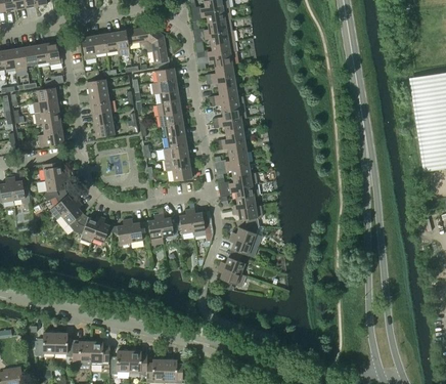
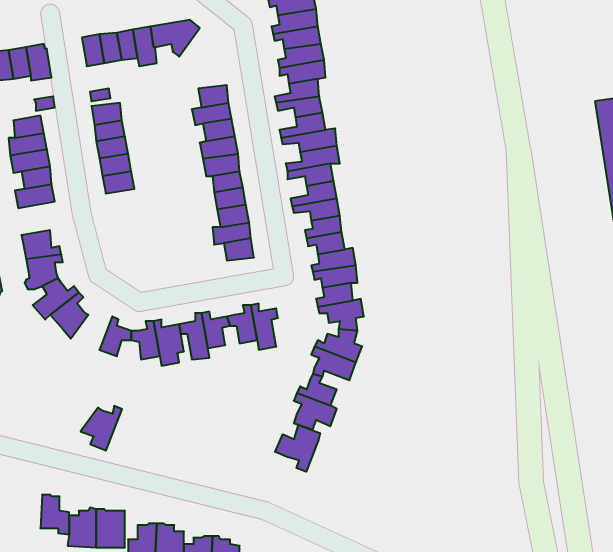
building: [144,31,168,63] -> none
building: [75,214,101,243] -> [81,406,122,451]
building: none -> [275,425,320,472]
building: [36,331,56,355] -> none

